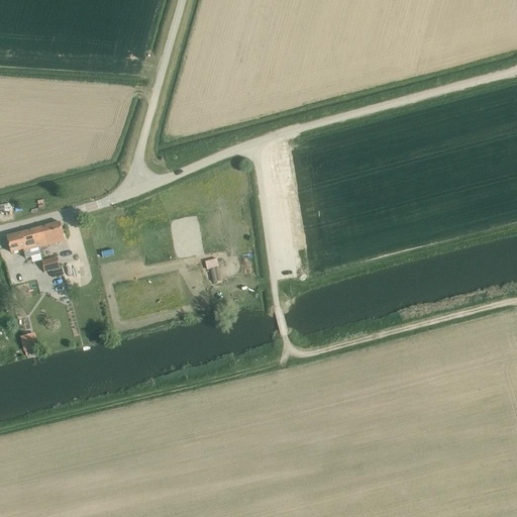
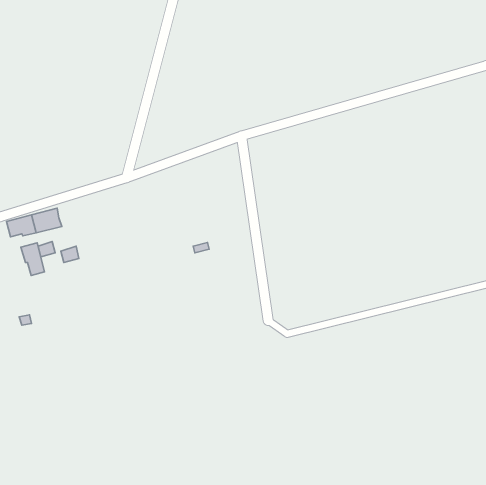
building: none -> [21,243,45,276]

